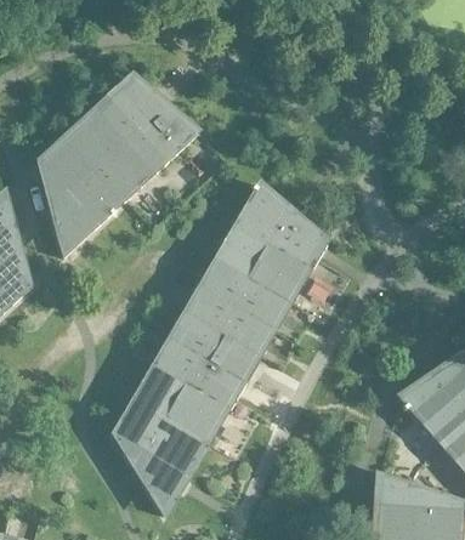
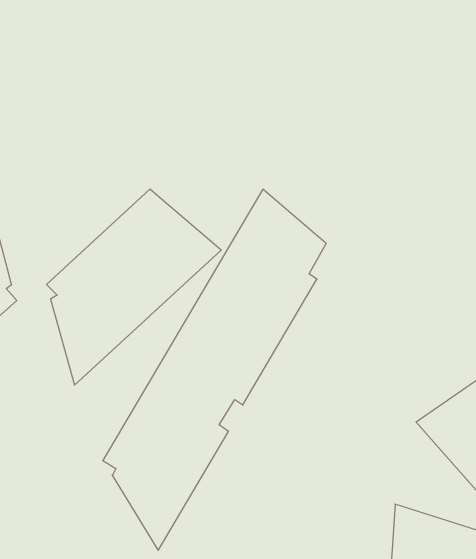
building: [38,76,198,256] -> [47,189,221,385]

